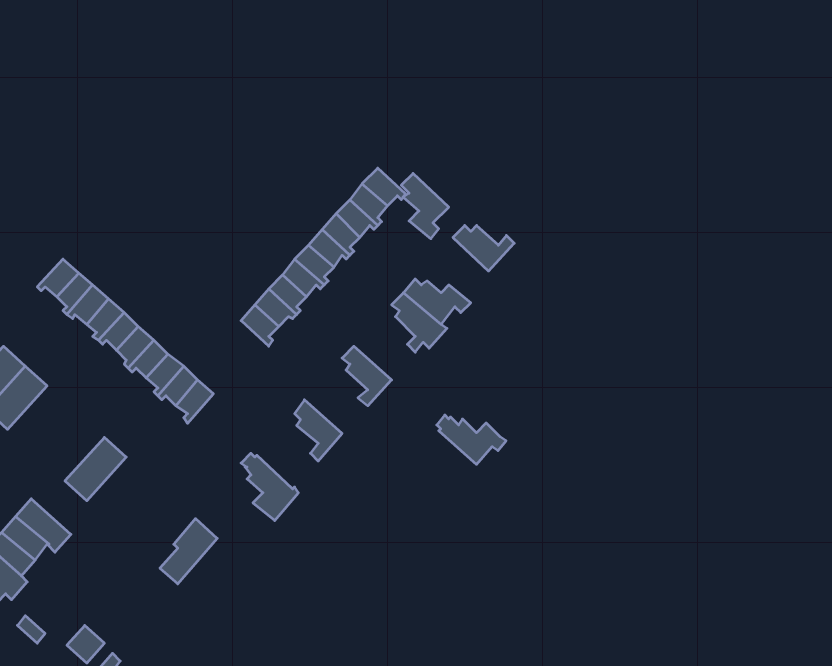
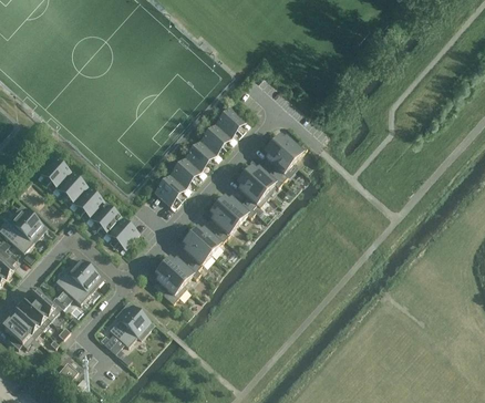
building: [401,173,449,239] -> [264,145,290,182]
building: none -> [187,229,223,255]
building: [437,415,506,464] -> [214,197,252,225]
building: none -> [159,258,198,286]
building: none -> [65,268,100,303]
building: none -> [116,313,151,347]

